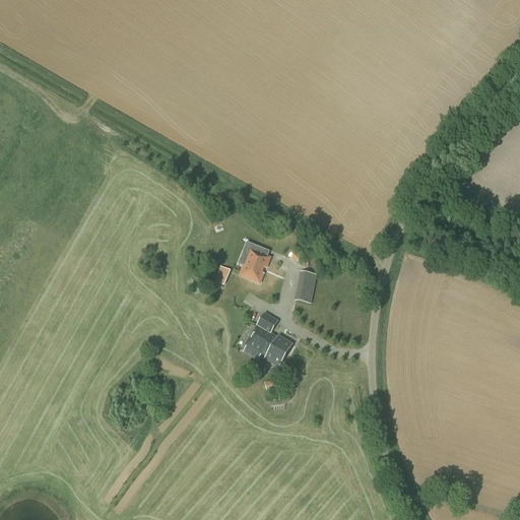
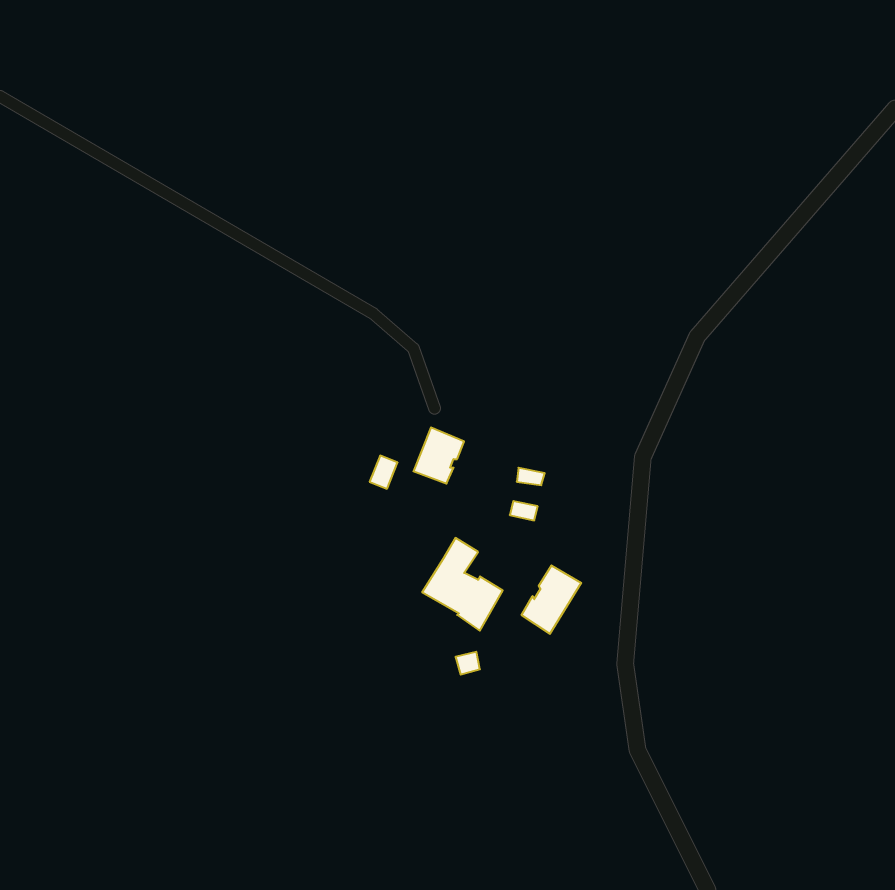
building: none -> [522,565,581,634]

